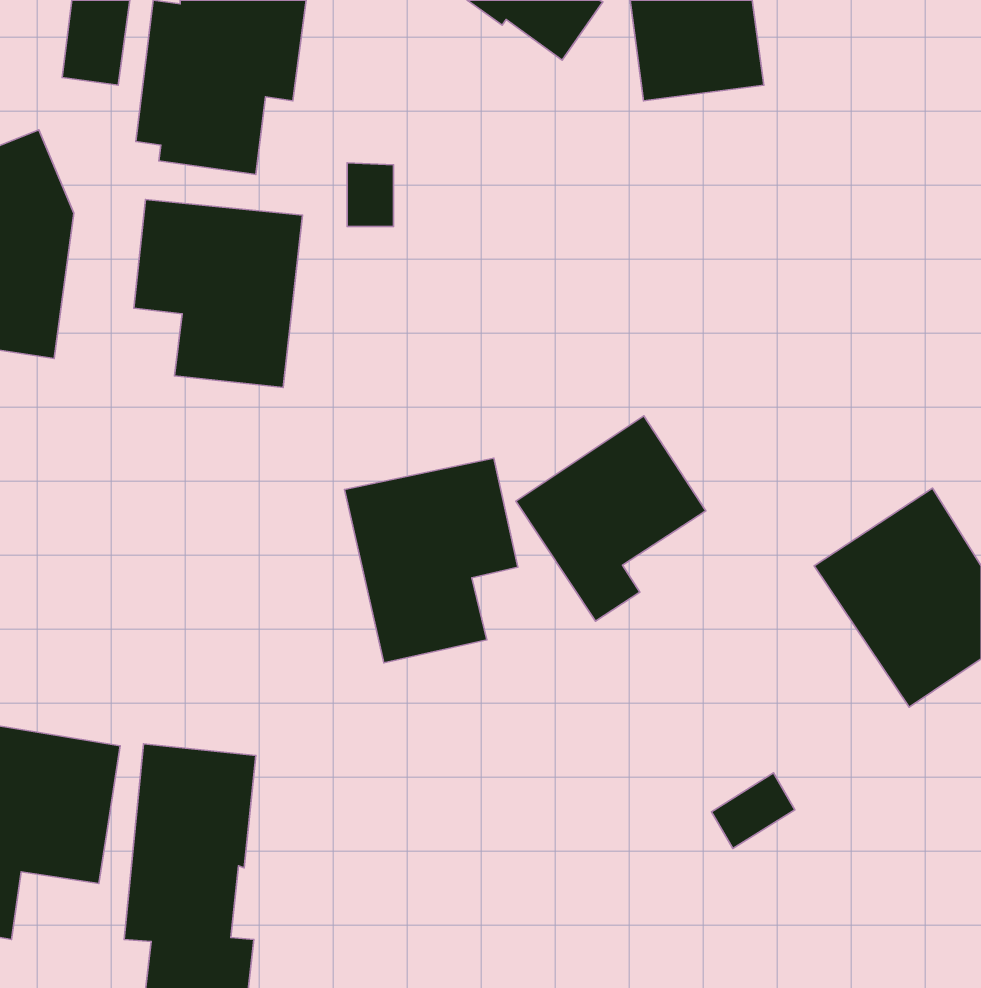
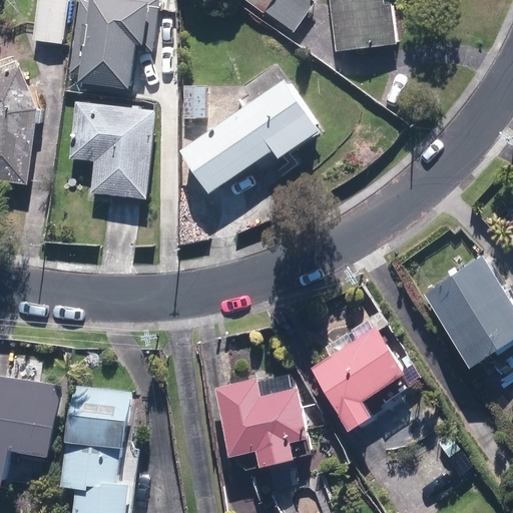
building: none -> [177,76,319,192]
building: [516,416,706,621] -> [305,322,403,428]
building: [345,458,518,663] -> none
building: none -> [209,375,304,466]

